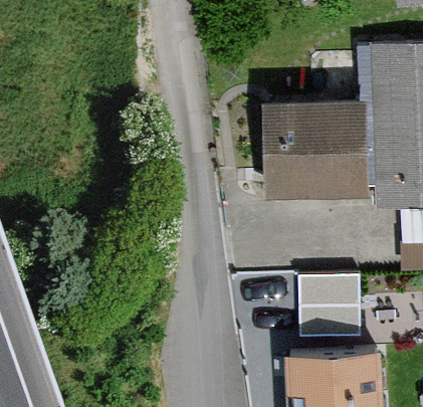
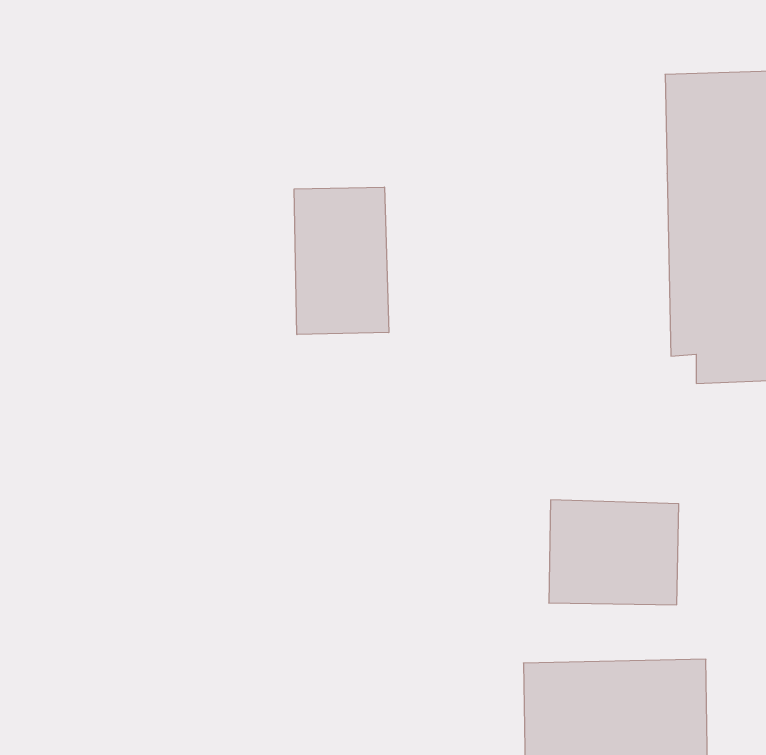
building: [263,100,363,197] -> none
building: none -> [294,187,389,335]

